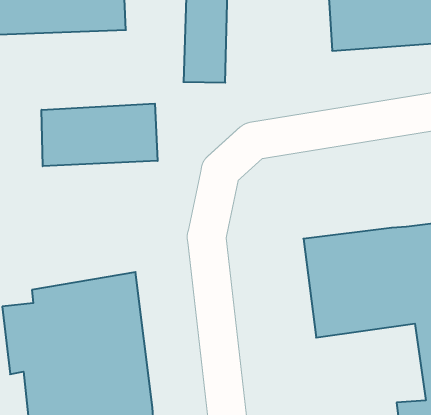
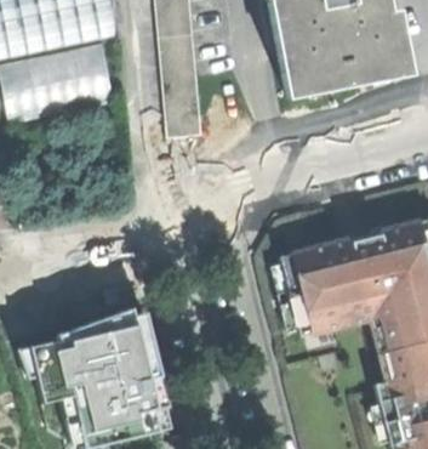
building: [42,104,158,166] -> none

